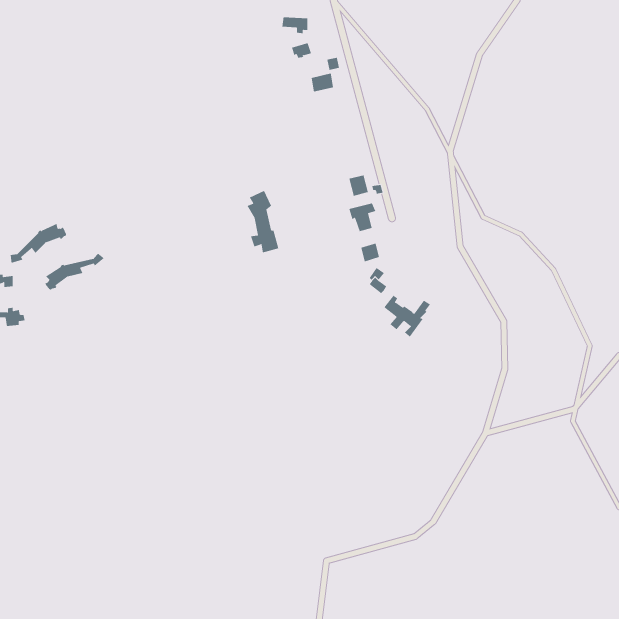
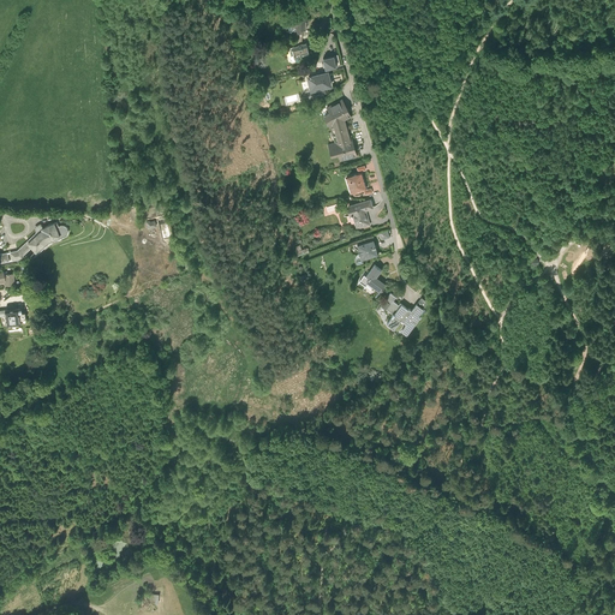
building: [246,190,279,253] -> [323,101,356,163]
building: [45,253,105,291] -> none

